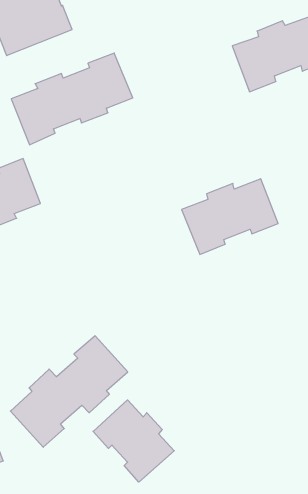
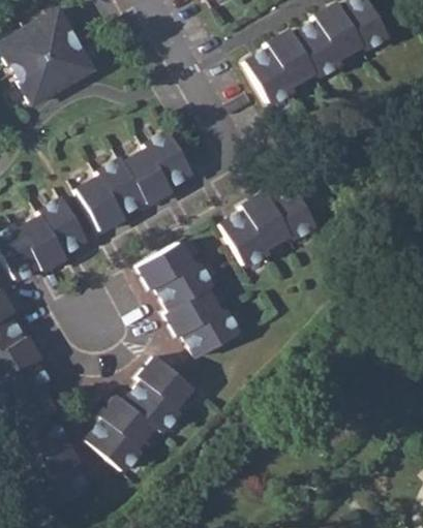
building: [11,53,133,145] -> [80,134,195,234]
building: none -> [140,240,238,355]
building: [93,400,174,482] -> none

